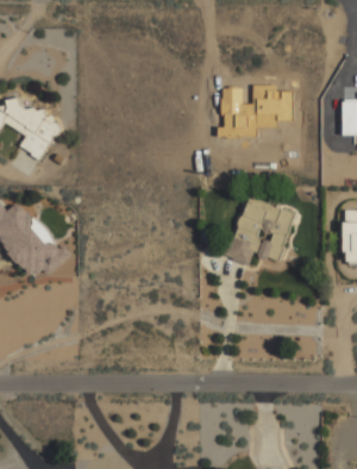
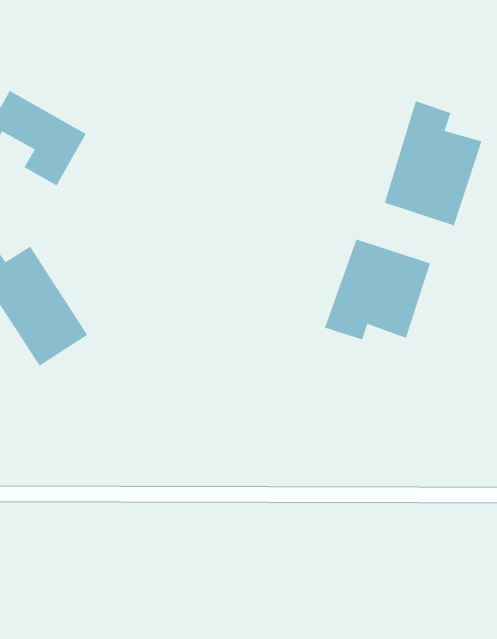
building: none -> [384,101,482,226]

